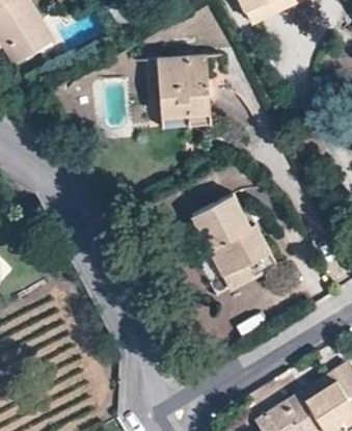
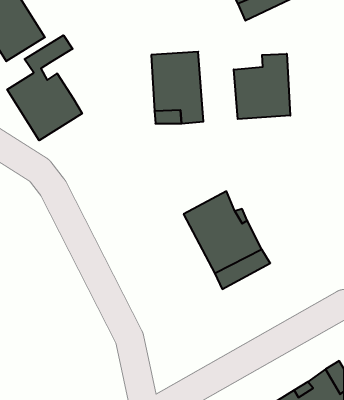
building: none -> [7,35,82,140]
building: none -> [234,54,290,119]

